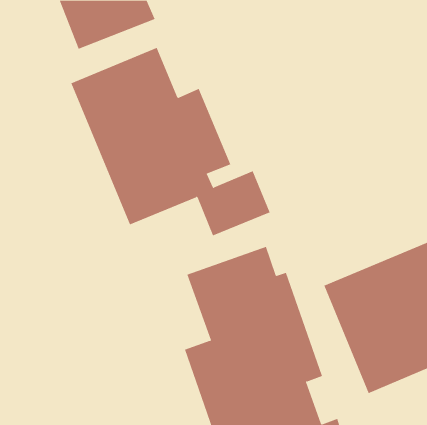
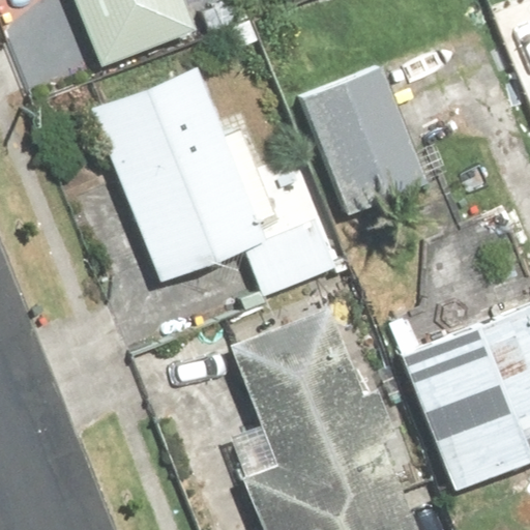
building: none -> [299,66,428,216]

